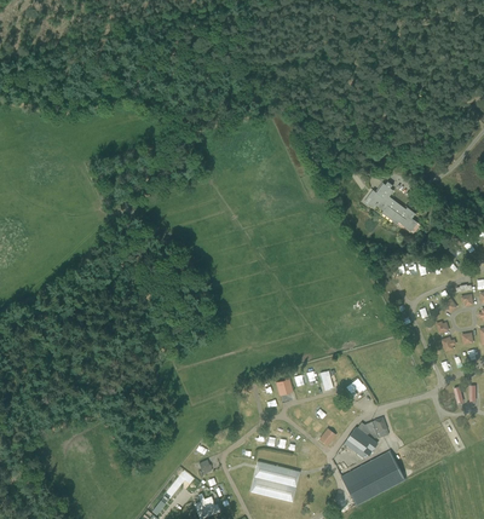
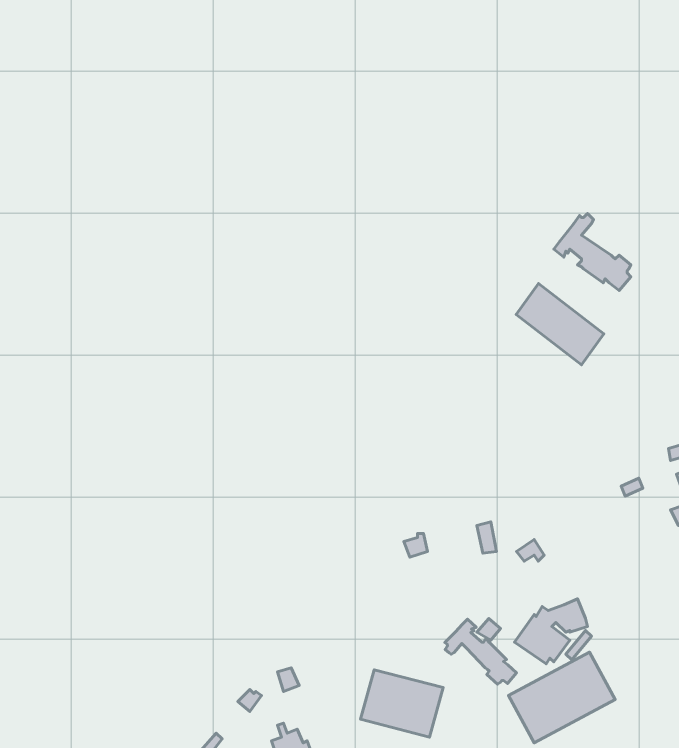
building: none -> [516,283,604,365]
building: none -> [445,619,517,684]

